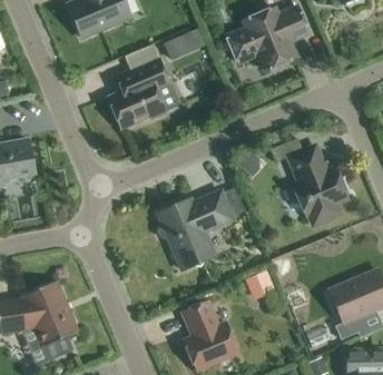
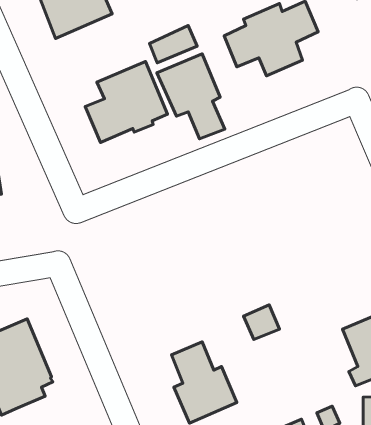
building: none -> [157,54,225,139]
building: [288,145,347,220] -> none
building: [157,190,233,269] -> none

